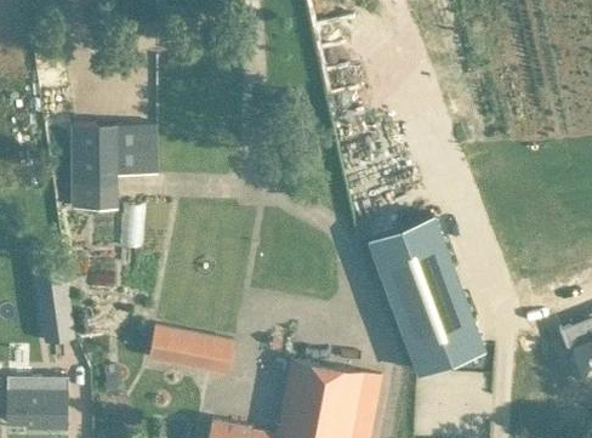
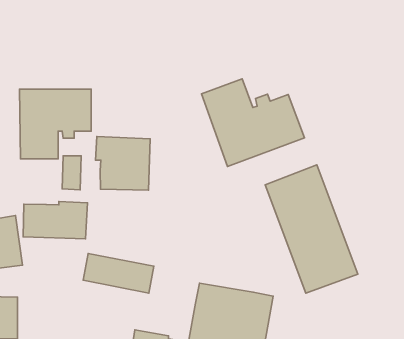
building: none -> [202,79,304,166]
building: none -> [96,136,150,190]
building: none -> [23,201,88,239]

